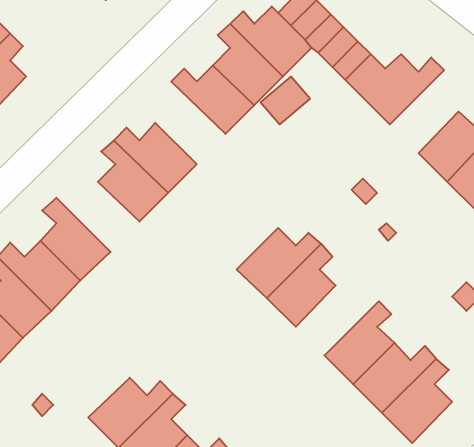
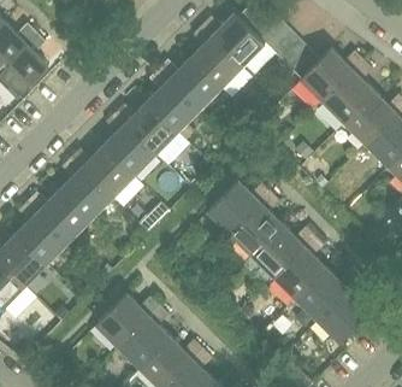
building: none -> [323,61,374,124]
building: none -> [146,70,199,133]
building: none -> [71,146,134,199]
building: none -> [252,224,314,277]

